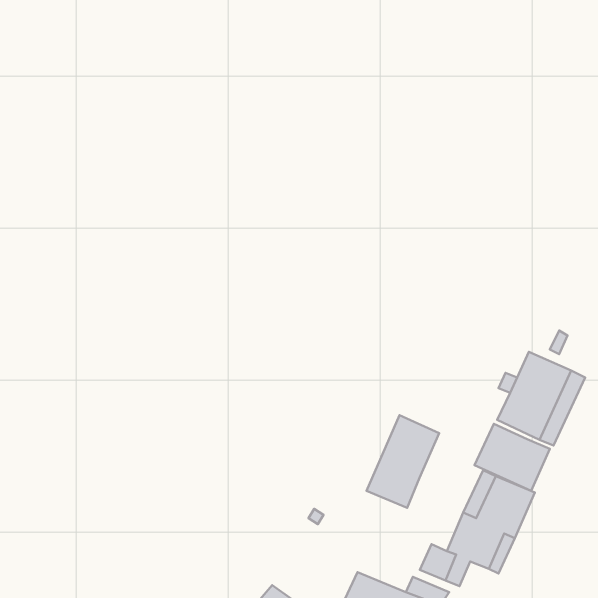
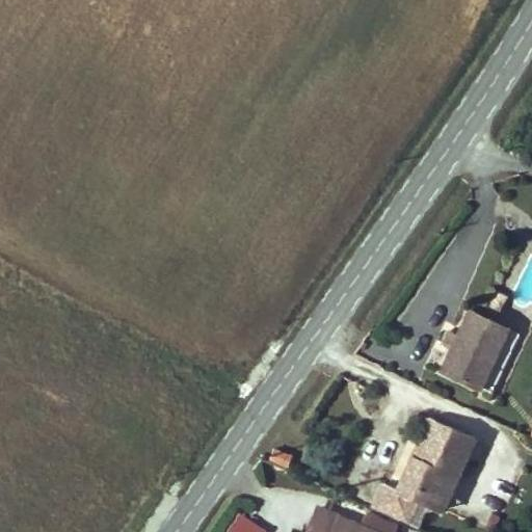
building: [367,415,439,508] -> none
building: [474,424,550,491] -> none

